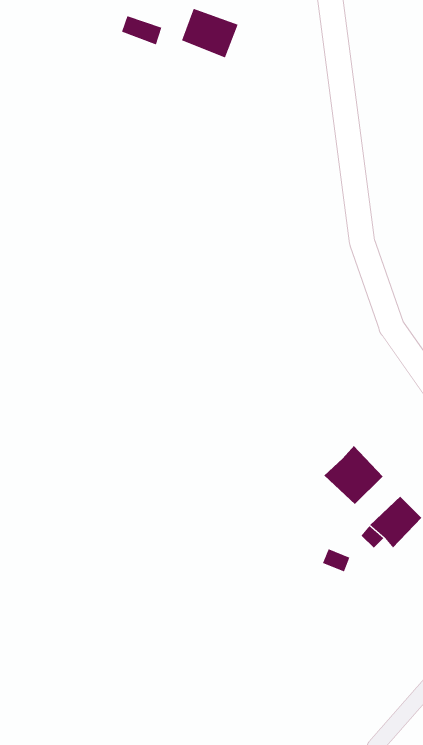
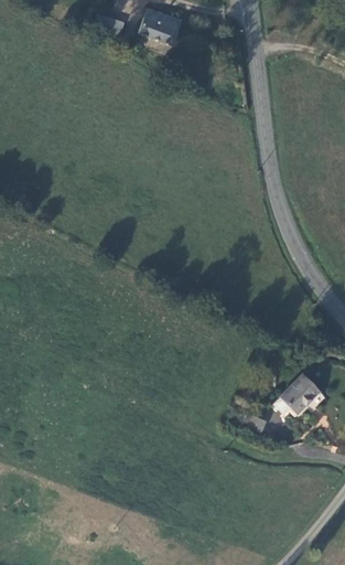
building: [324,445,383,505] -> none

